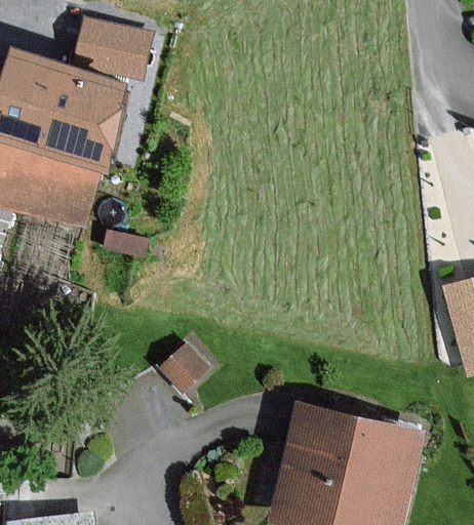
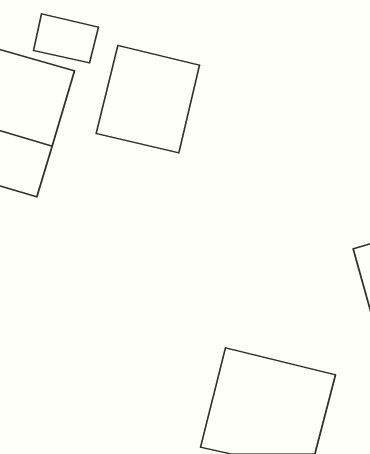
building: none -> [96,45,199,153]

